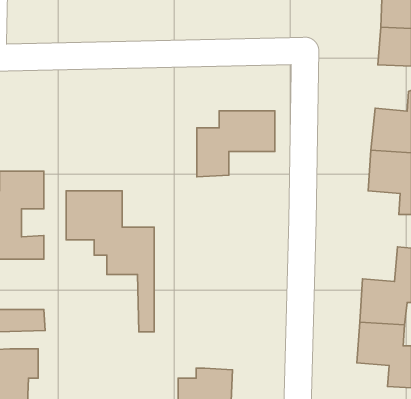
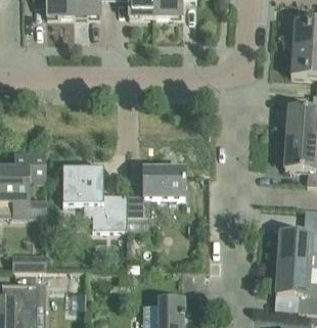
building: [197,111,275,177] -> [128,168,185,216]

